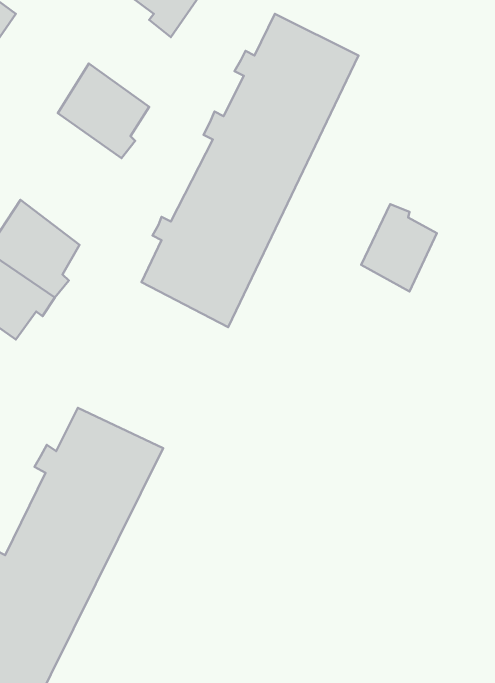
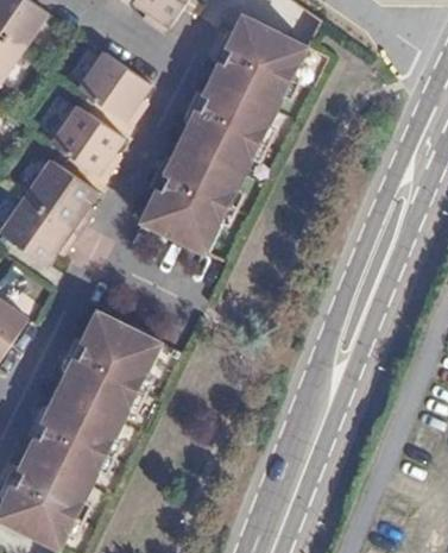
building: none -> [49,102,121,176]
building: [361,204,437,291] -> none

